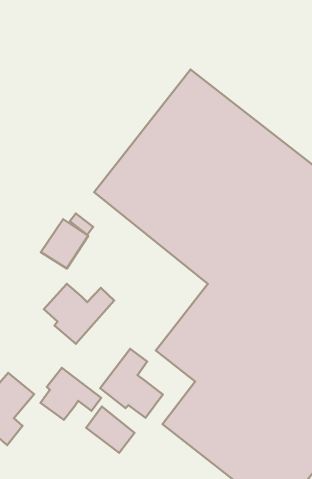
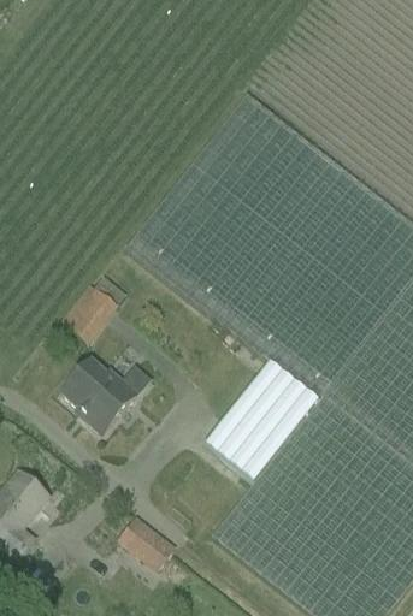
building: [100,349,163,418] -> none
building: [40,368,101,420] -> none

